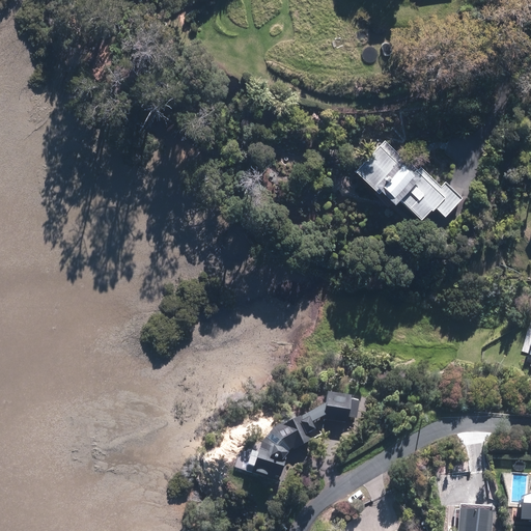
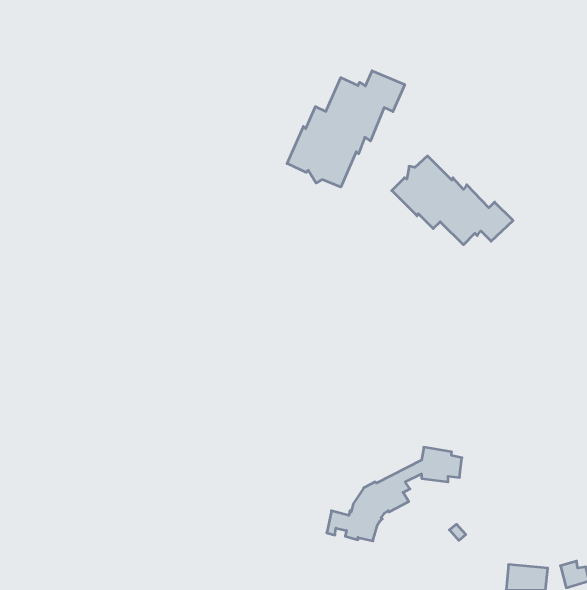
building: none -> [287,71,405,187]
building: [239,390,360,474] -> [327,447,462,541]

